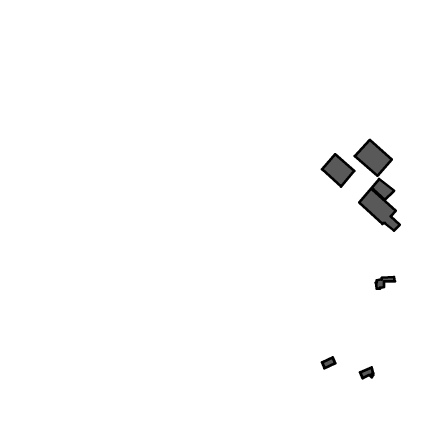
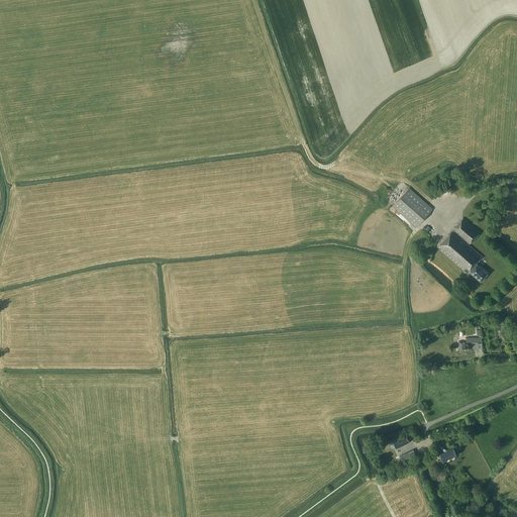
building: [355,140,392,176] -> none

